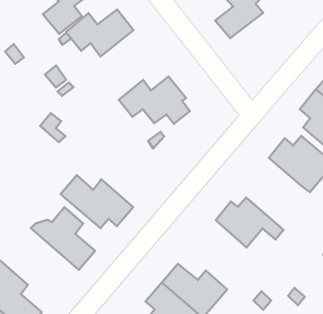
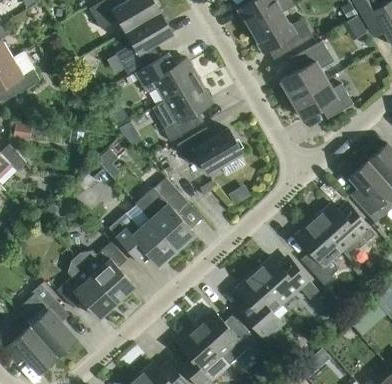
building: none -> [292,80,354,119]
building: none -> [164,80,213,142]
building: none -> [135,178,195,250]
building: none -> [296,220,341,286]
building: none -> [237,273,283,339]
building: none -> [57,257,117,319]

